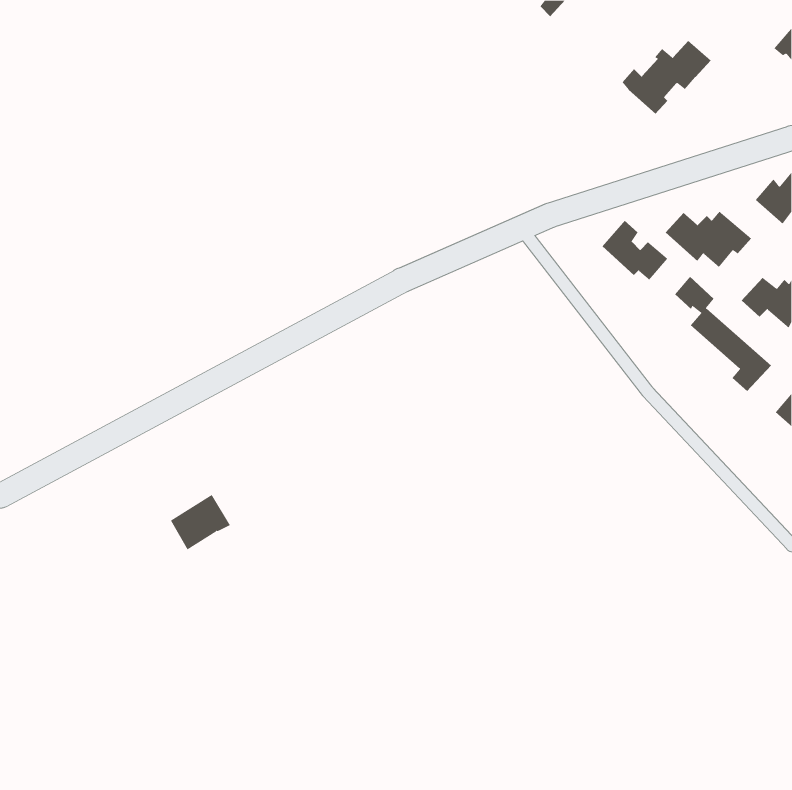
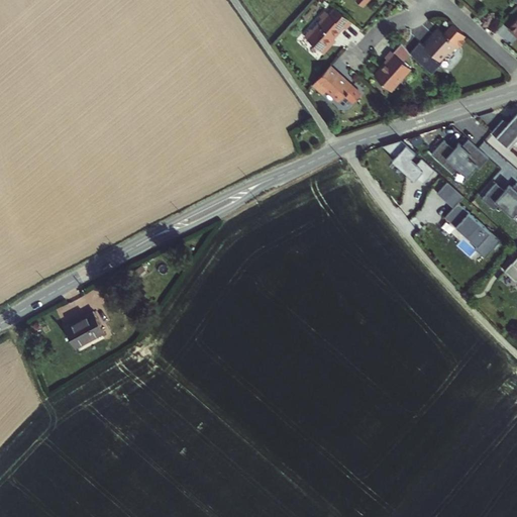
building: none -> [302,12,348,59]
building: none -> [370,53,406,92]
building: none -> [309,71,357,106]
building: [170,494,231,550] -> [70,310,109,346]

